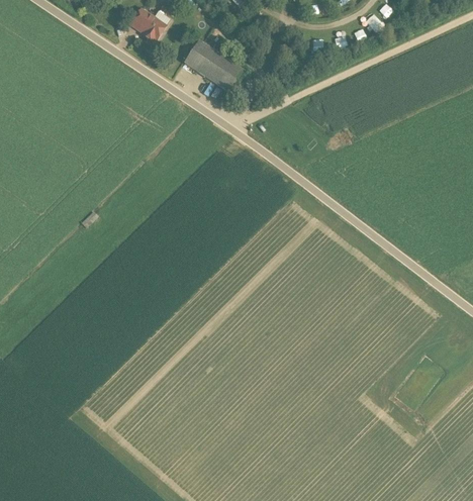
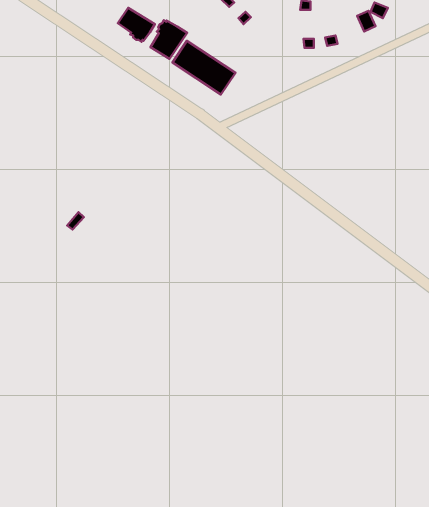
building: none -> [151,20,187,59]

